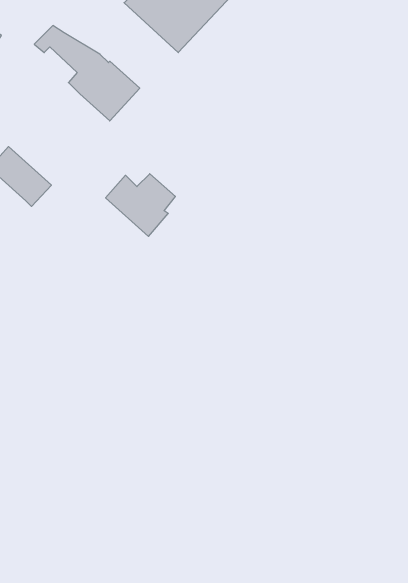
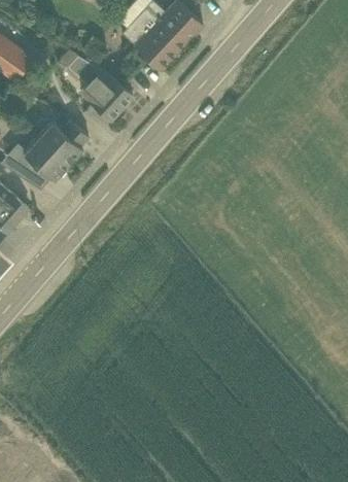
building: [106,174,175,236] -> [38,120,89,166]

